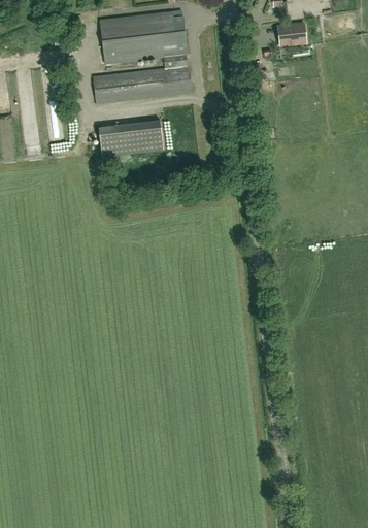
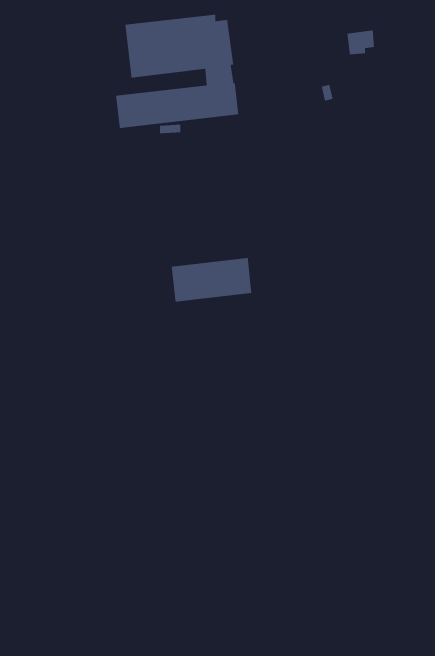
building: [99,121,164,157] -> [171,257,252,303]

